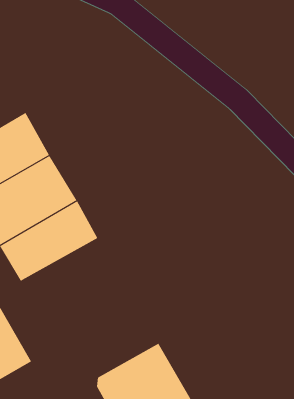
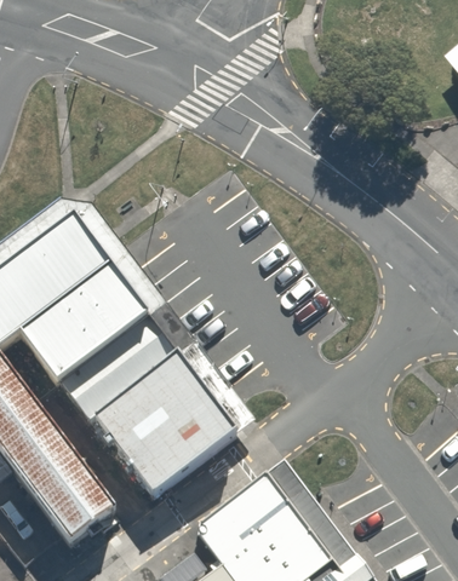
building: none -> [97,353,242,497]

